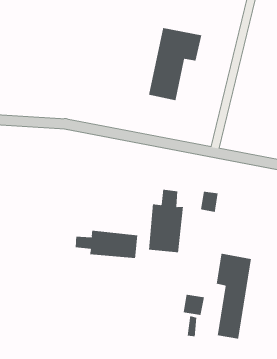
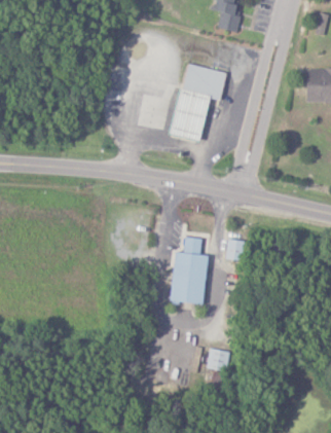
building: [75,230,138,259] -> none
building: [216,253,251,340] -> none

